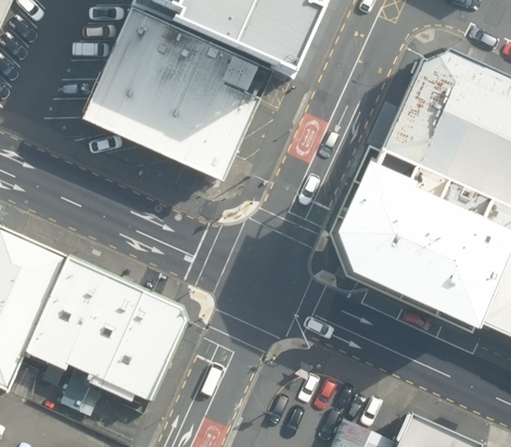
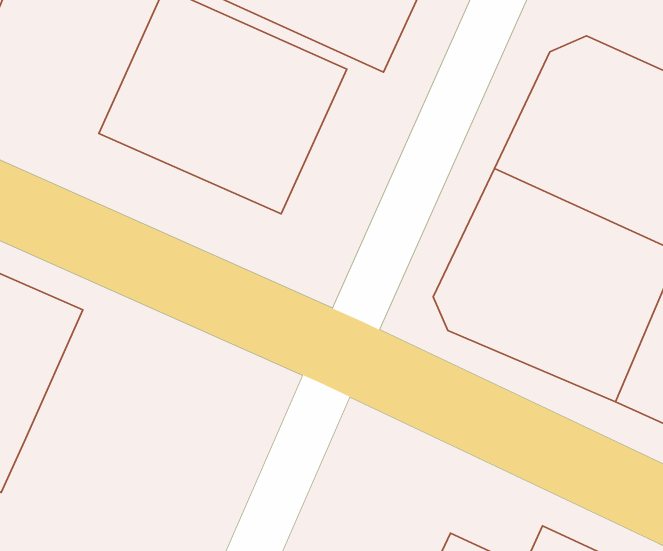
building: [25,253,189,400] -> none

